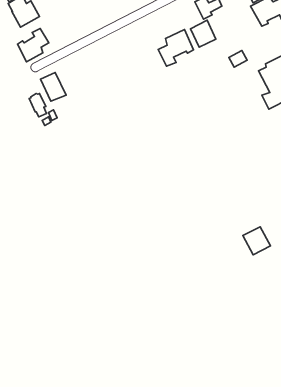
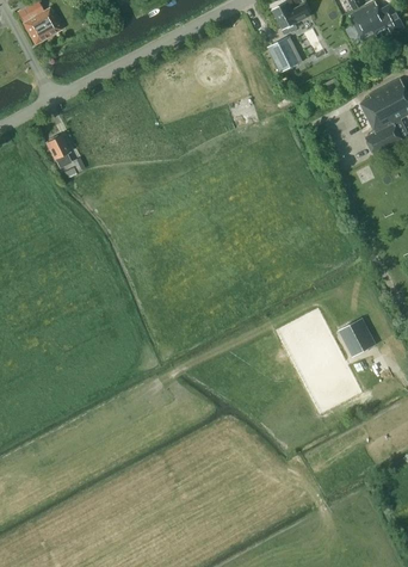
building: [18,28,49,62] -> none
building: [158,30,193,66] -> none
building: [41,72,66,101] -> none

